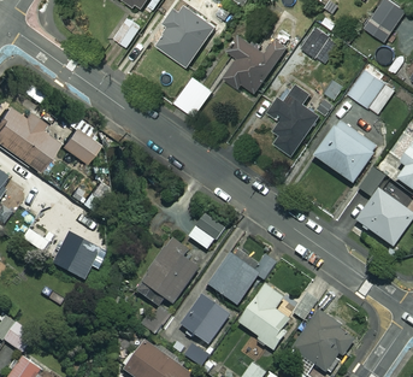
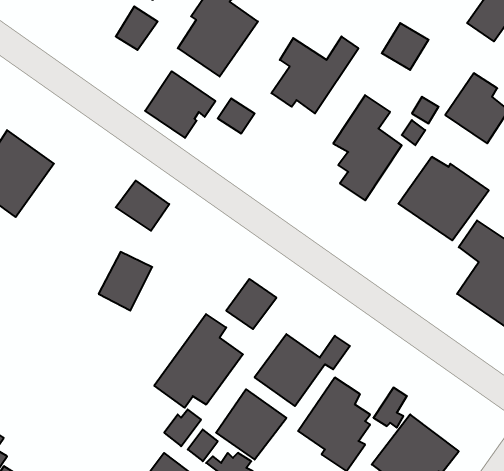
building: none -> [145,71,215,138]
building: [59,125,98,161] -> [116,181,169,231]
building: [54,230,93,272] -> [99,252,152,311]

